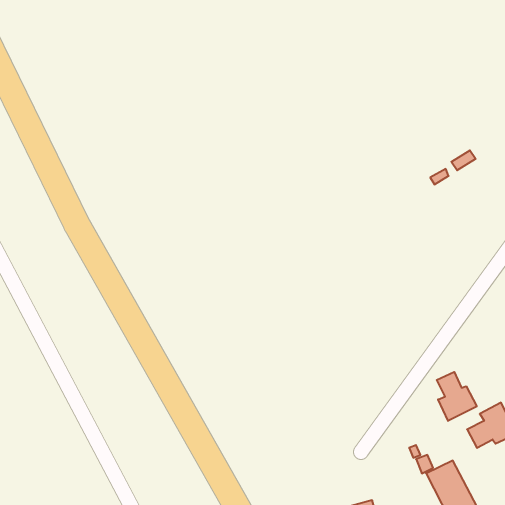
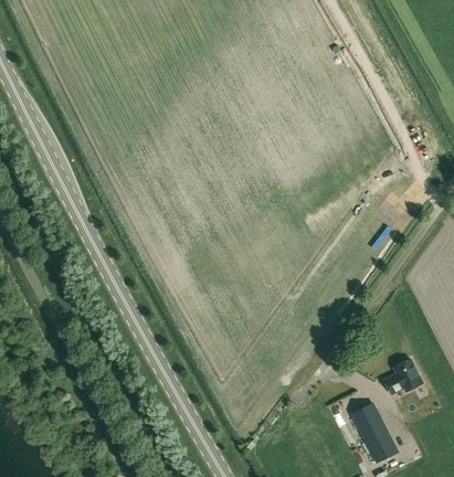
building: [437,372,477,421] -> none

